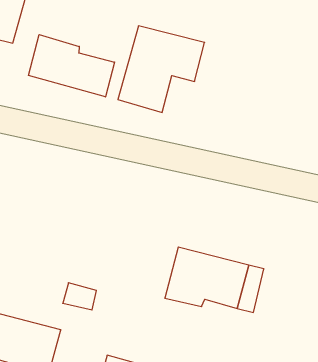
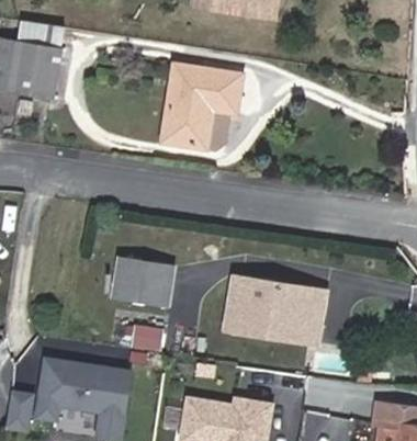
building: [28,35,115,97] -> none
building: none -> [113,258,176,305]

